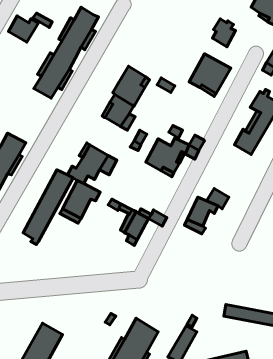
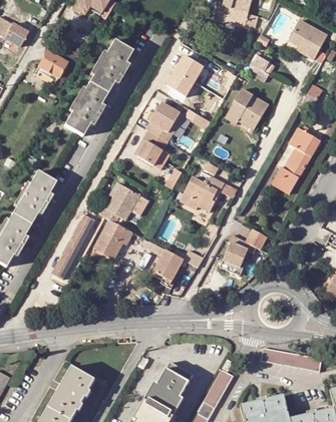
building: none -> [164,53,205,96]

